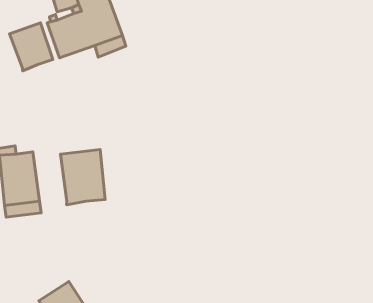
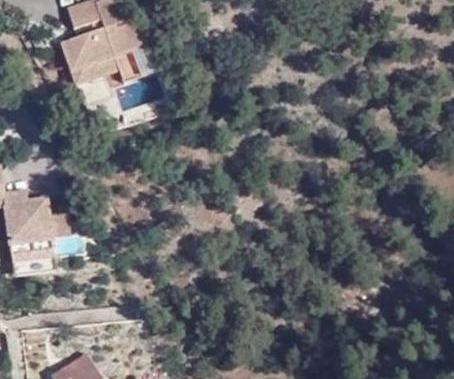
building: [10,23,53,71] -> none
building: [61,150,105,205] -> none

